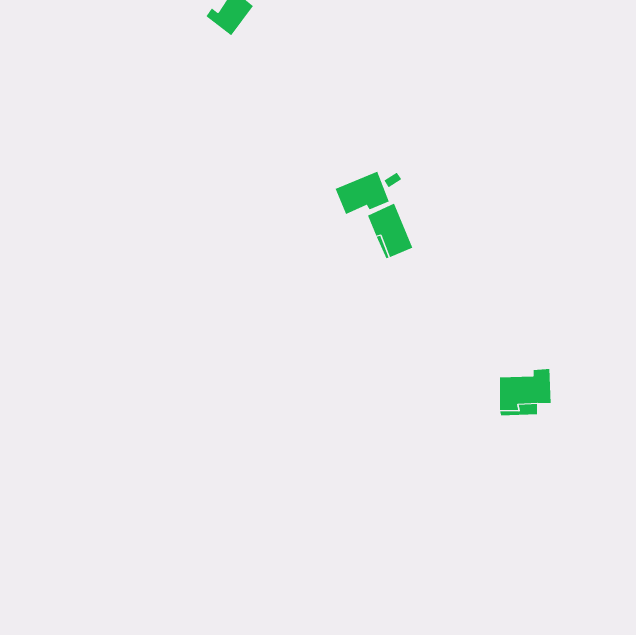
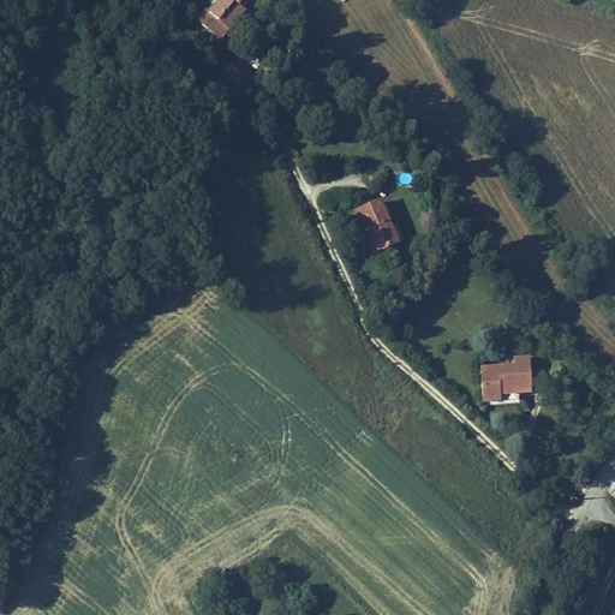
building: [335,171,390,215] -> none

